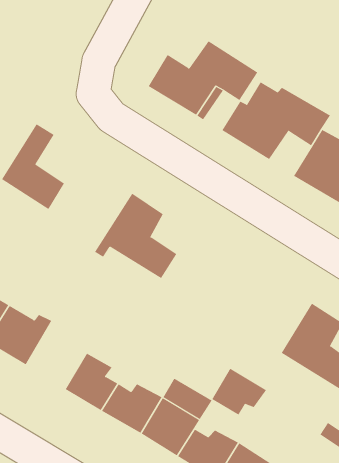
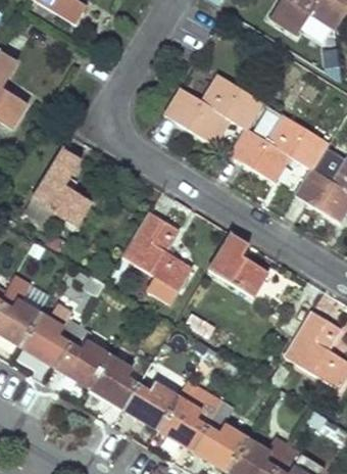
building: none -> [207,231,266,295]
building: none -> [55,326,109,387]
building: [211,368,267,415] -> none

